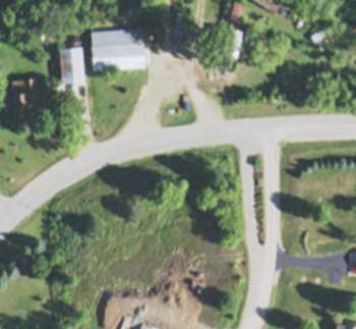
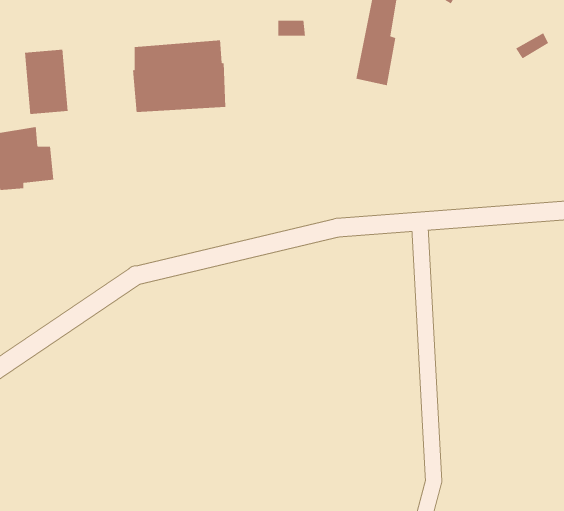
building: [60,48,85,86] -> [24,49,69,115]

